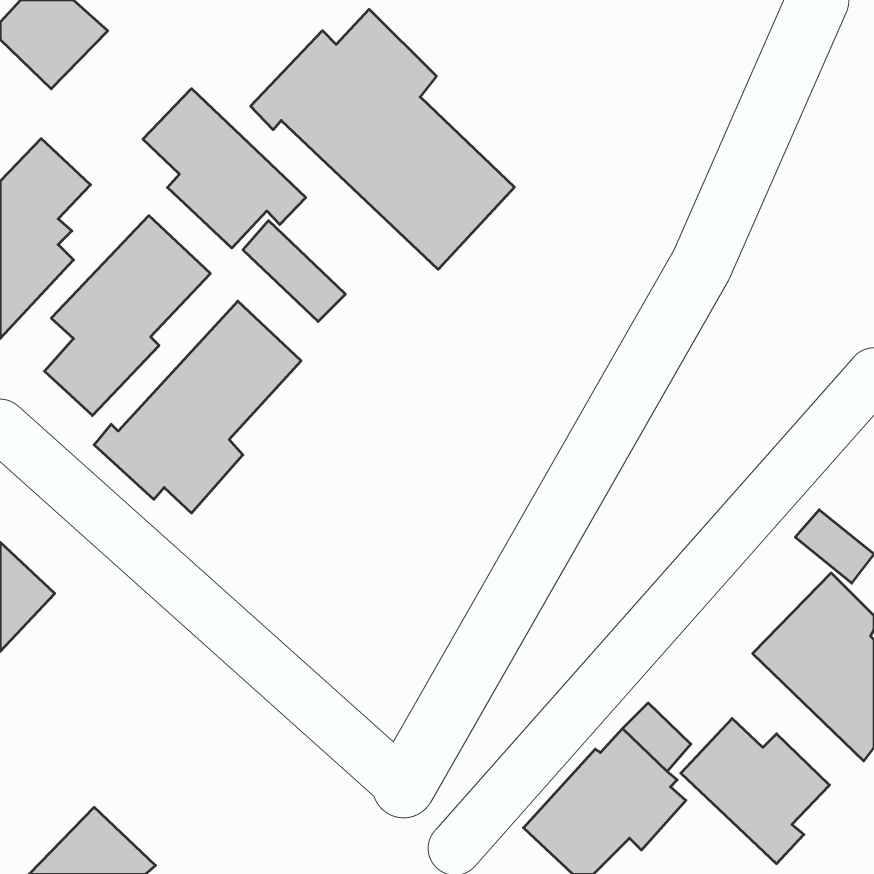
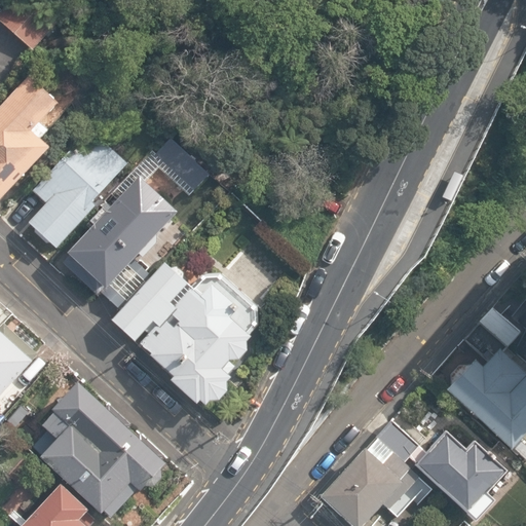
building: [251,9,514,269] -> none
building: [143,89,306,248] -> none
building: none -> [110,263,257,405]
building: none -> [33,380,167,518]

